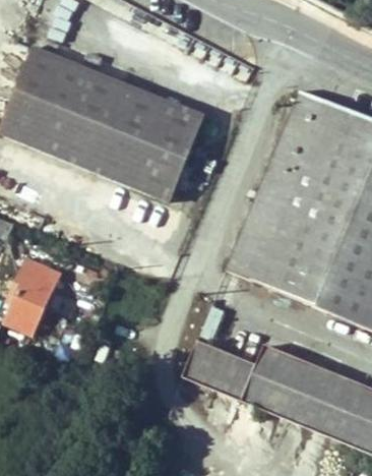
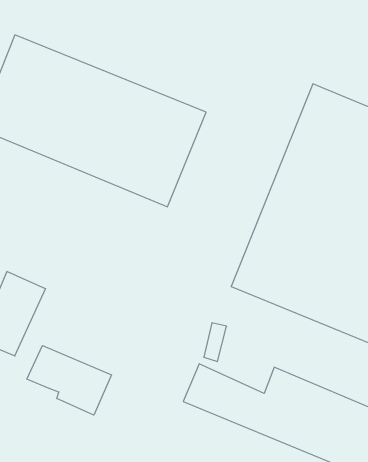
building: none -> [27,346,112,415]

